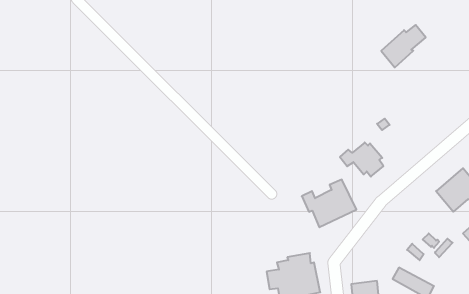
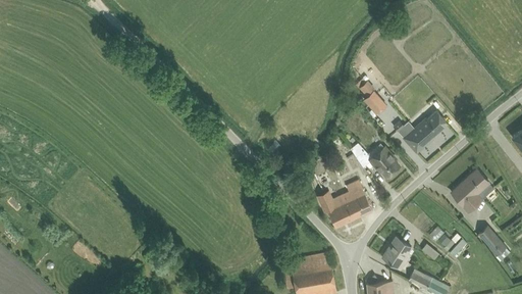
building: [381,25,426,67] -> [403,111,447,153]
building: none -> [359,81,386,115]
building: none -> [382,237,412,270]

